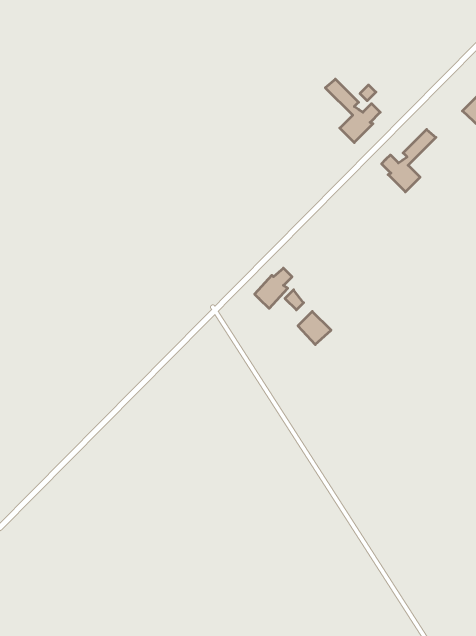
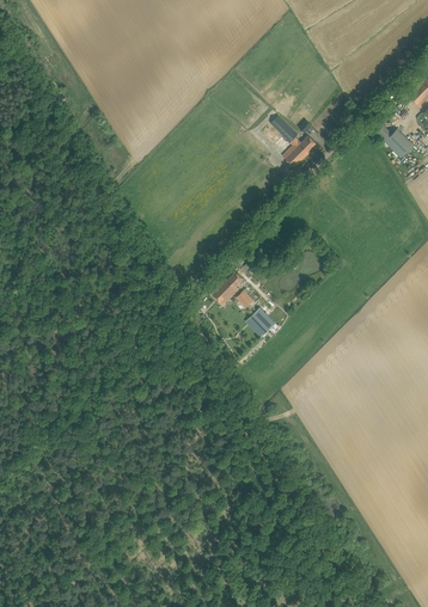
building: [382,129,436,192] -> none

